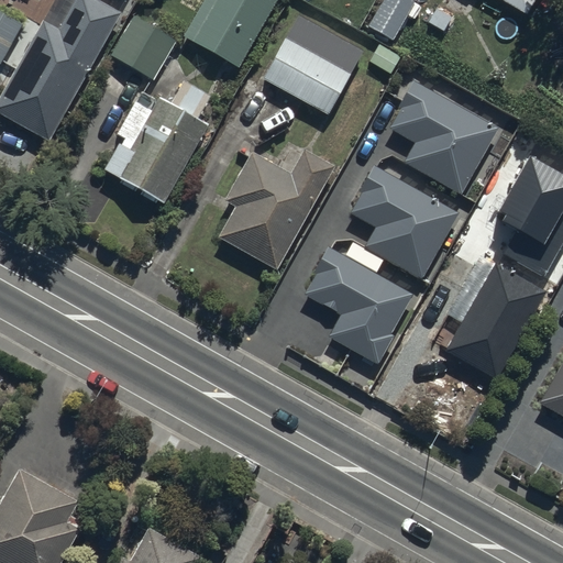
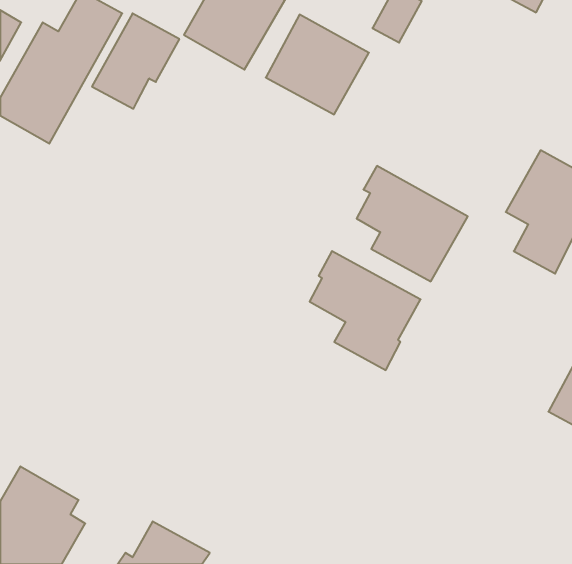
building: [390,80,499,194] -> none
building: [104,81,210,203] -> none
building: [219,150,333,269] -> none
building: [443,261,548,383] -> none

